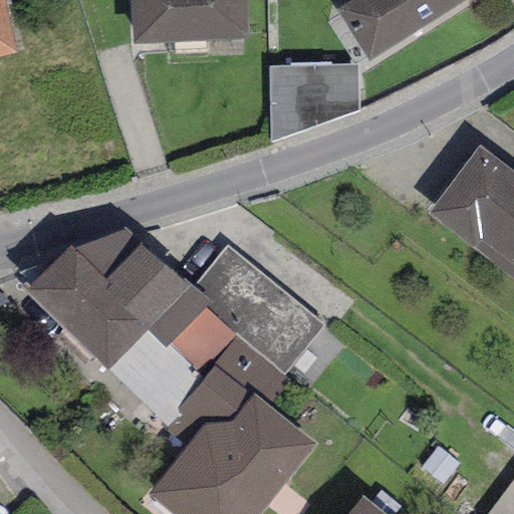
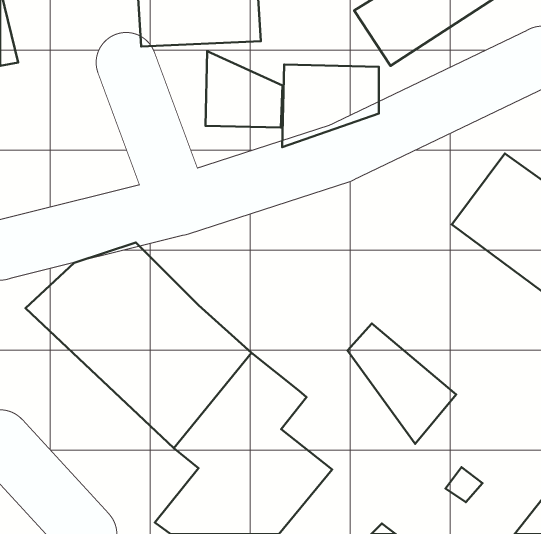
building: none -> [206,51,283,128]
building: [189,242,324,370] -> none
building: none -> [347,324,456,444]

